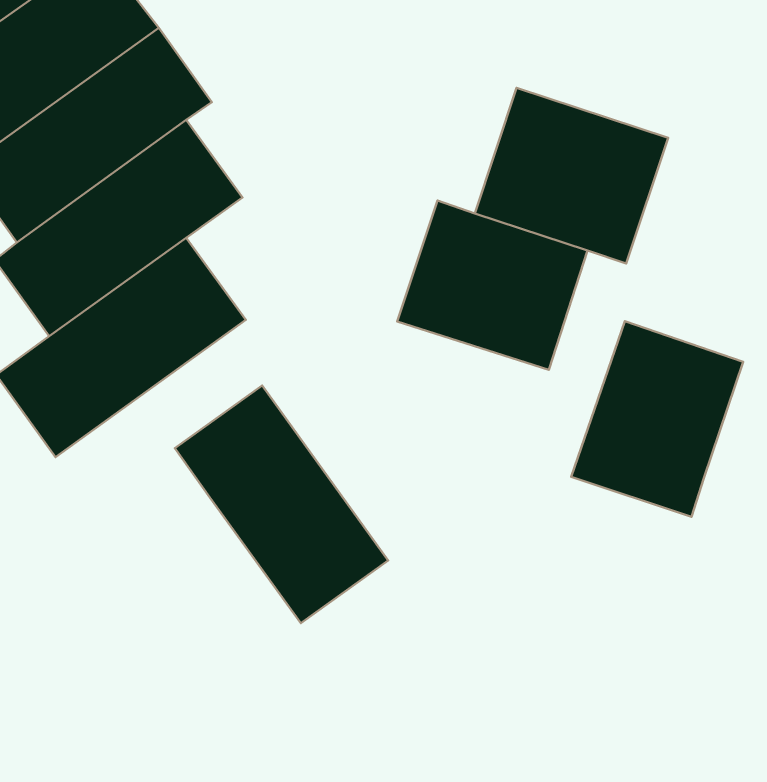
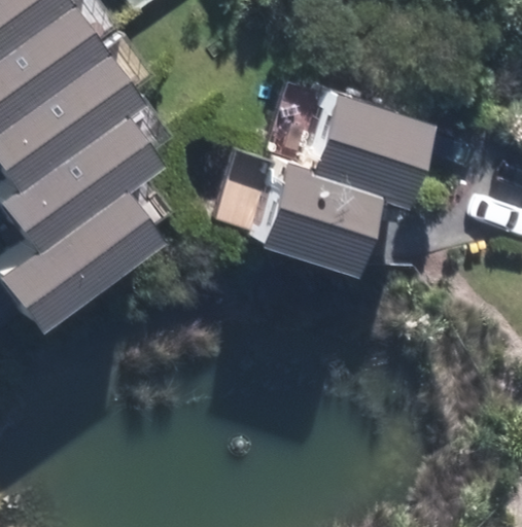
building: [571,321,743,517] -> none
building: [175,385,388,623] -> none

